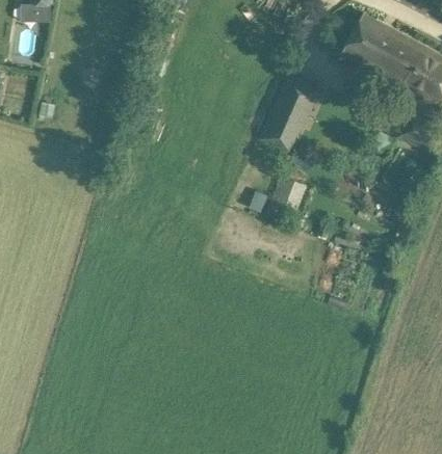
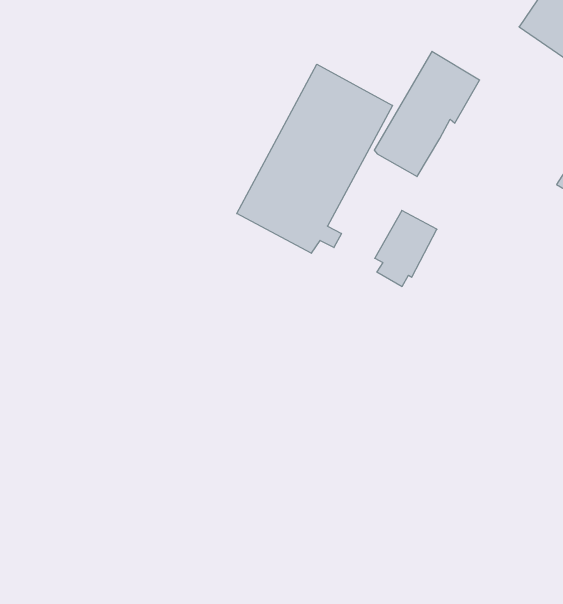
building: none -> [237,64,393,253]

